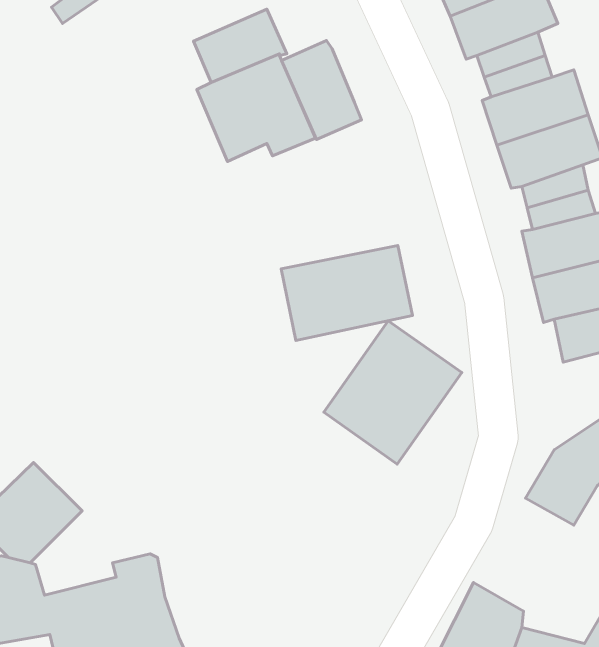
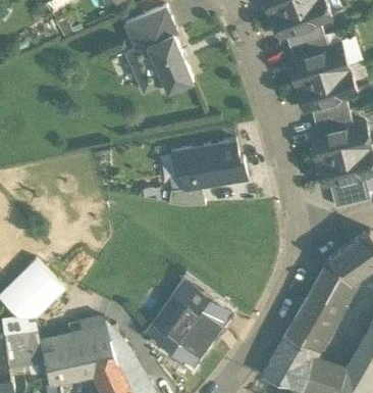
building: [282,41,361,140] -> none
building: [324,321,462,464] -> [151,280,229,361]
building: none -> [282,285,339,349]

